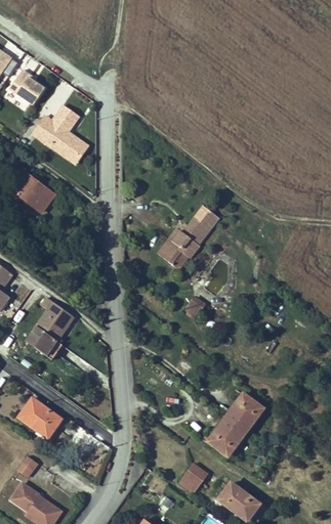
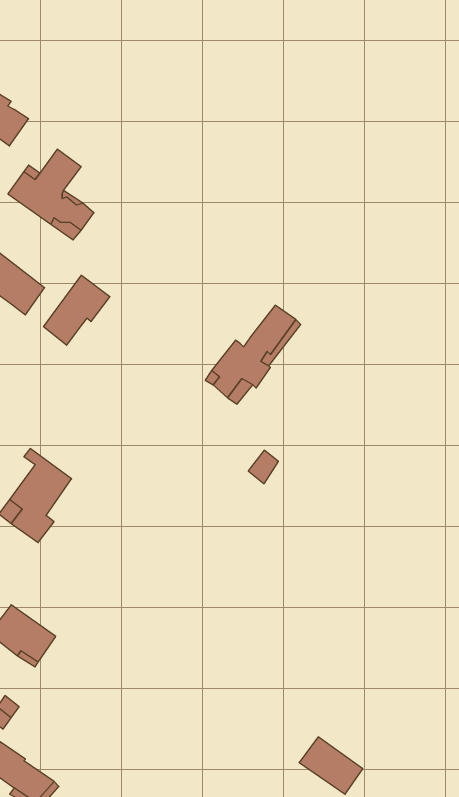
building: none -> [44,275,110,345]
building: [208,394,262,456] -> none
building: [179,464,206,491] -> none

